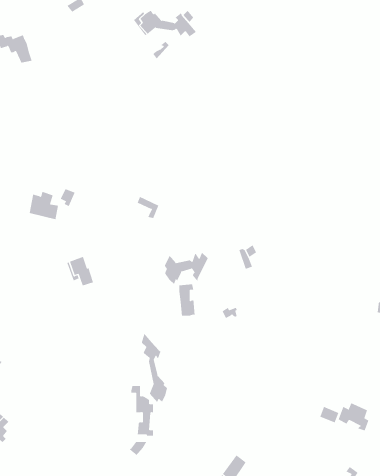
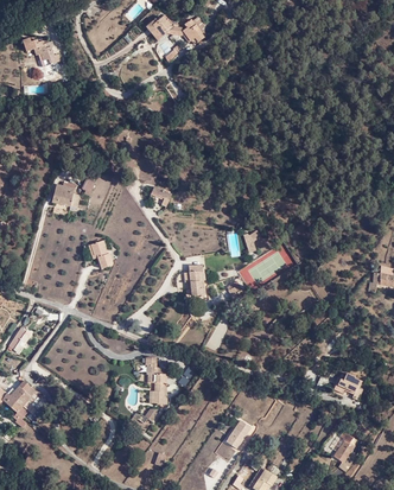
building: [164,252,208,285] -> none
building: [141,333,168,403] -> none

